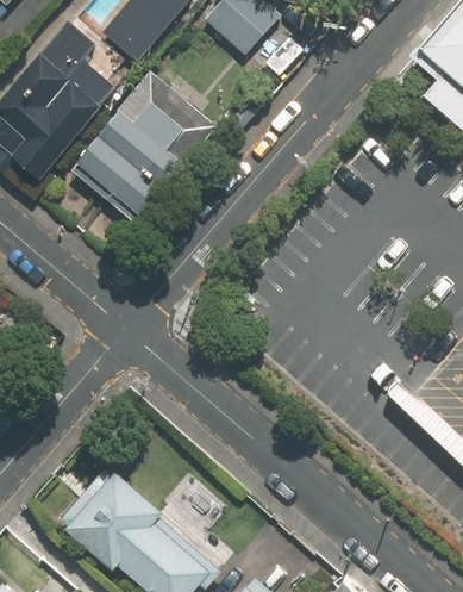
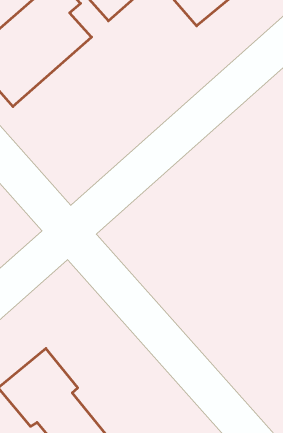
building: [71,92,184,220] -> none

